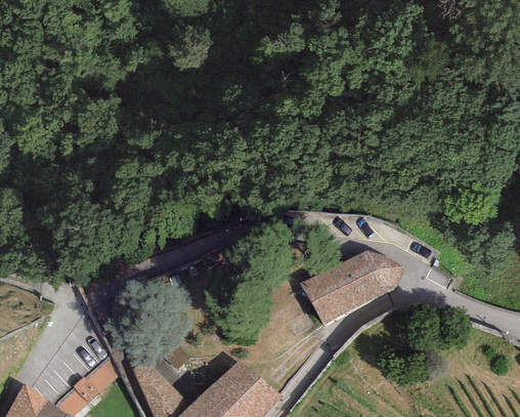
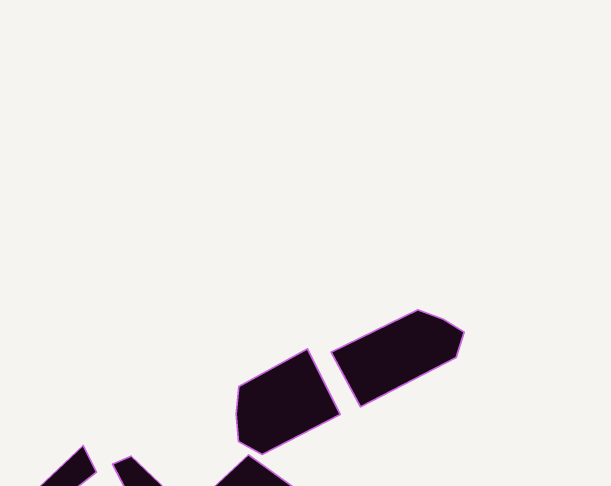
building: none -> [236,349,340,454]

